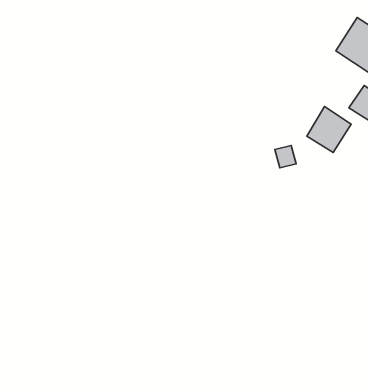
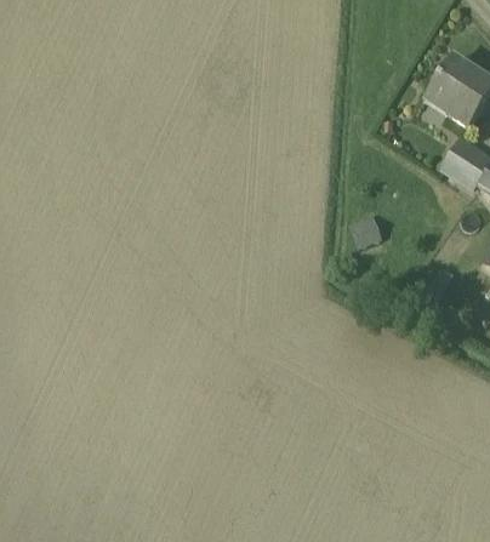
building: [307,107,351,153] -> none

